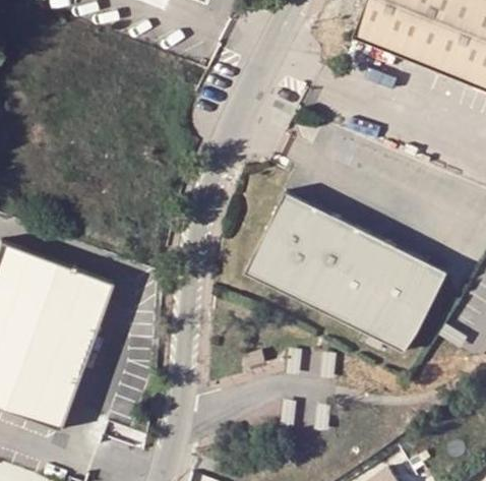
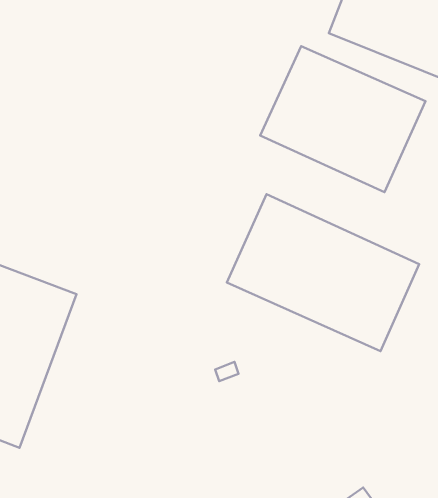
building: none -> [260,46,426,192]

